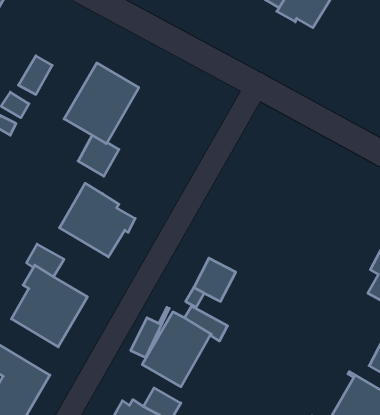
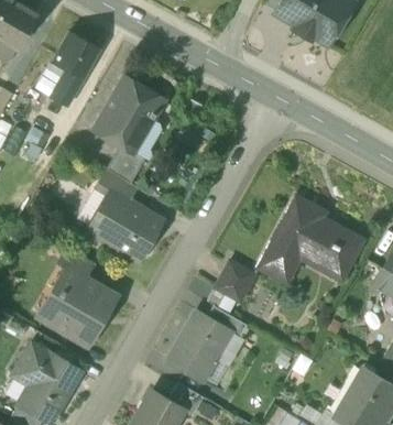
building: none -> [53,32,100,79]
building: none -> [95,170,137,200]
building: none -> [258,196,363,283]

